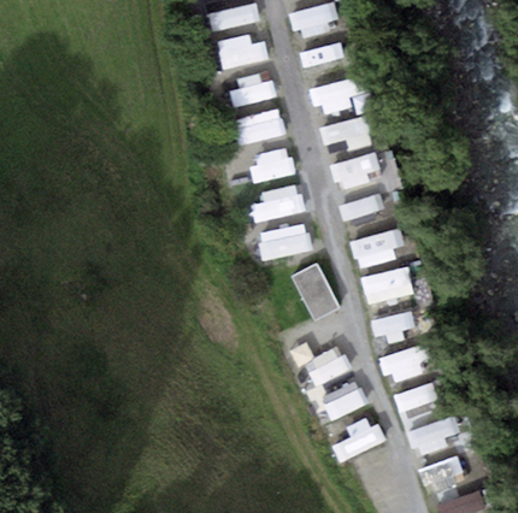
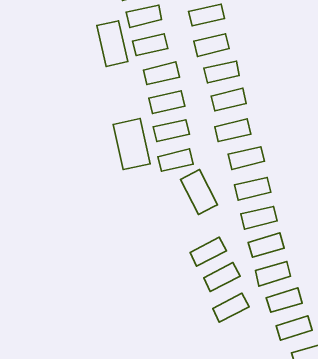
building: none -> [97,21,128,66]
building: none -> [113,119,150,170]

